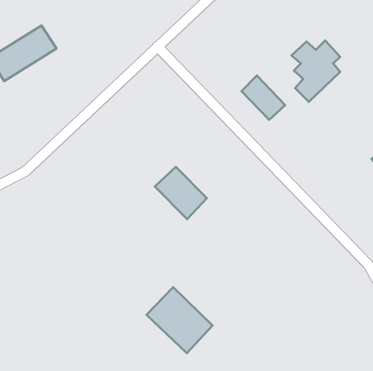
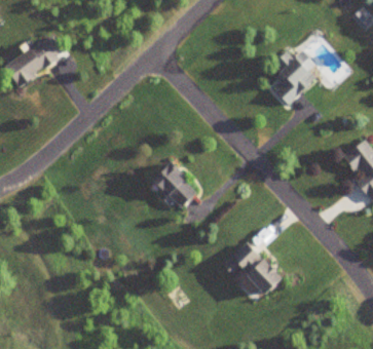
building: [242,76,285,120] -> none
building: [146,287,212,353] -> [221,243,279,302]

